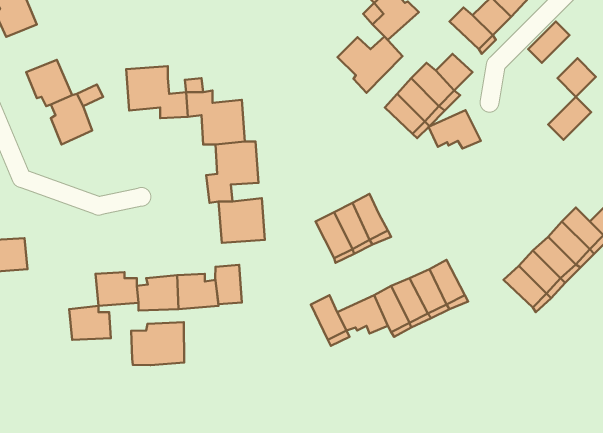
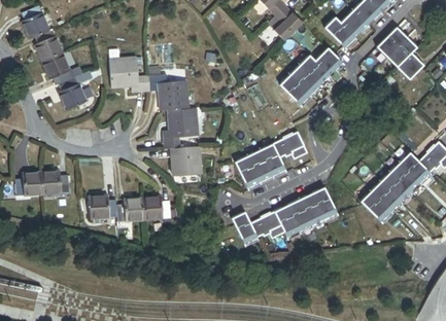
building: none -> [34,29,63,62]
building: [337,36,403,93] -> none
building: [548,97,591,140] -> [387,37,416,66]
building: [429,110,481,148] -> [272,132,307,157]
building: [215,265,242,304] -> none
building: [69,306,111,340] -> [41,171,69,193]
building: [131,322,184,365] -> none

